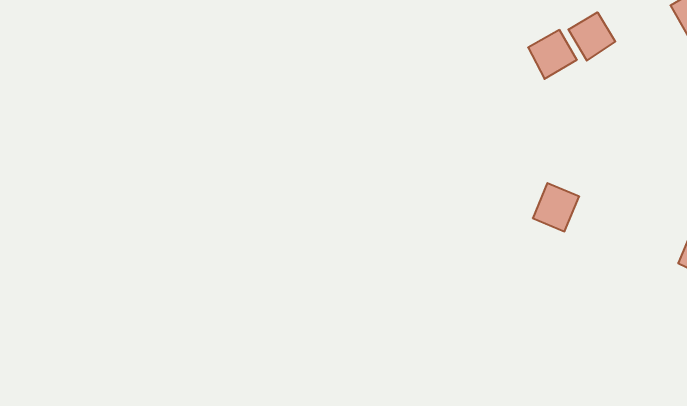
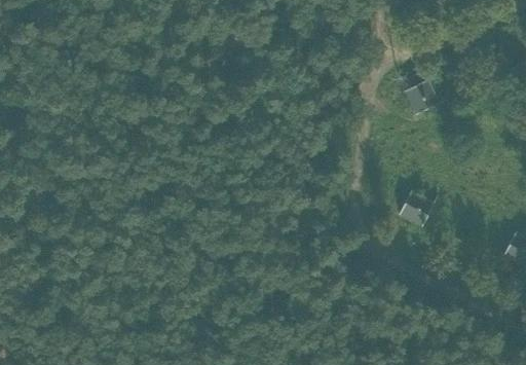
building: [568,12,615,61] -> none

